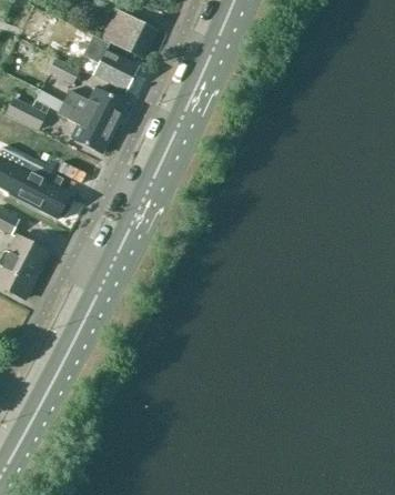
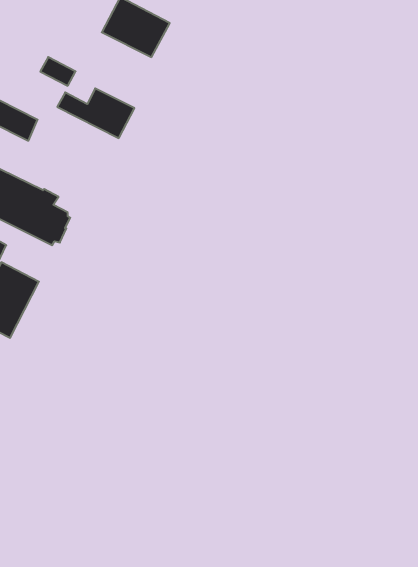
building: [83,36,140,94] -> none
building: [57,102,114,154] -> none

